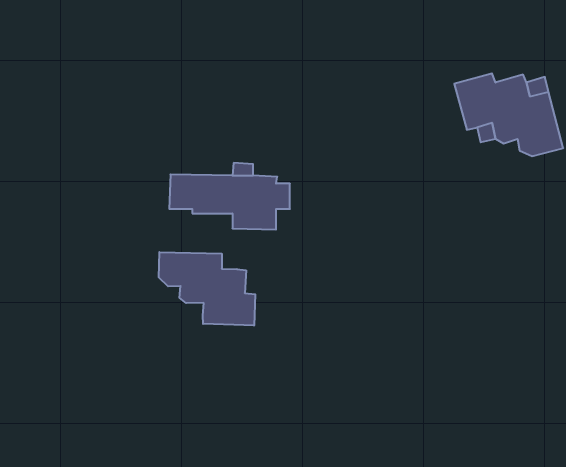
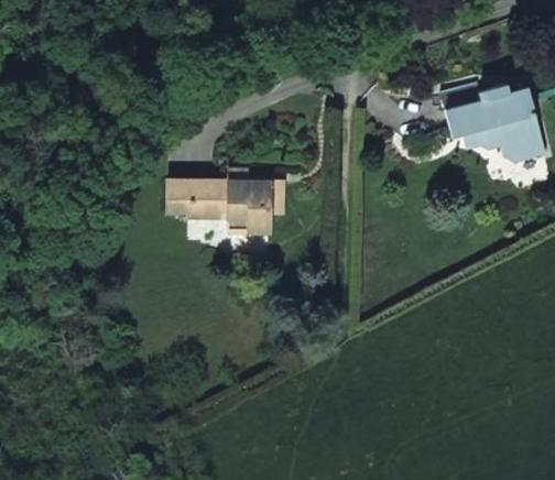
building: [159,252,255,326] -> none

